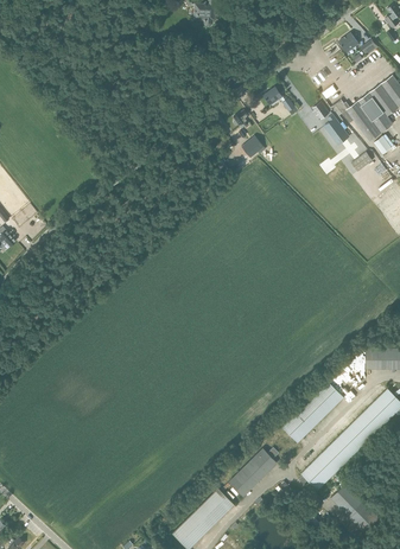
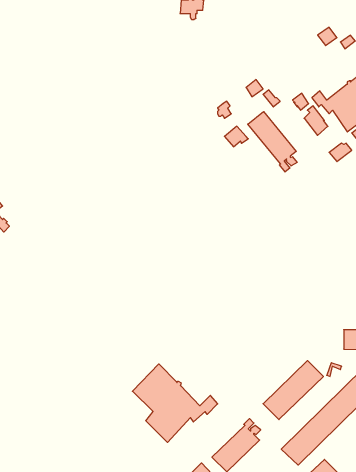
building: none -> [248,112,297,172]
building: none -> [132,364,218,442]

